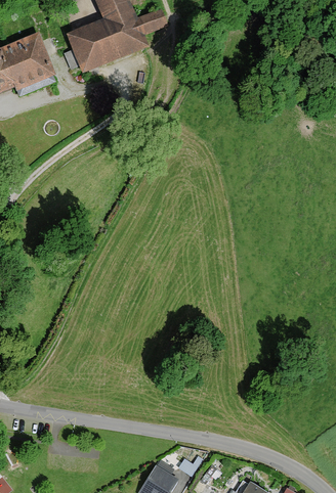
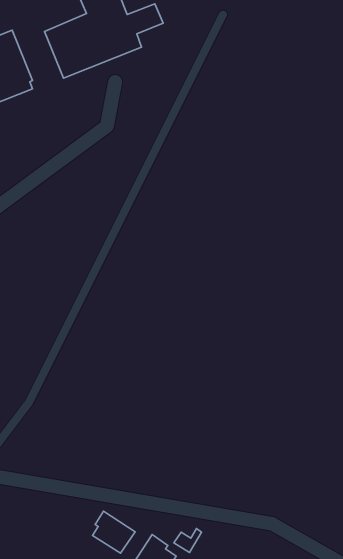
building: none -> [92,511,135,553]

